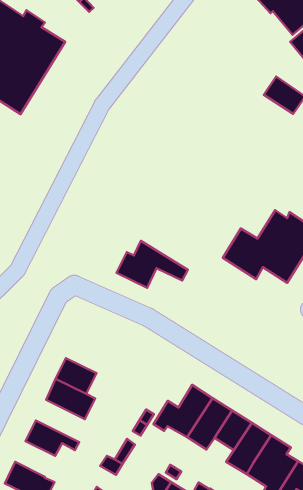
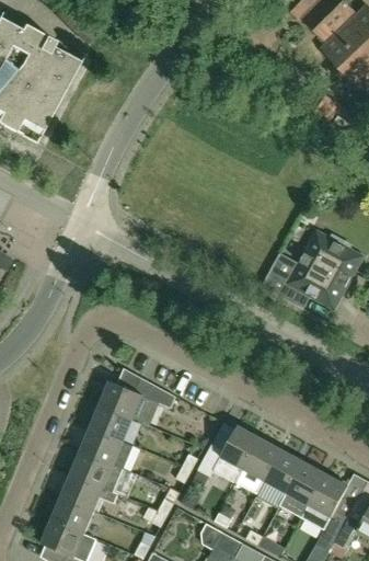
building: [117,241,188,288] -> [100,368,176,419]
building: none -> [71,450,124,492]
building: none -> [51,496,94,534]

